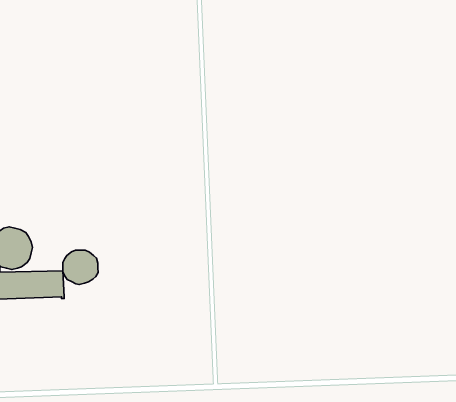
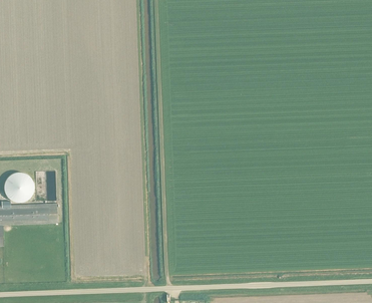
building: [63,250,98,284] -> none

